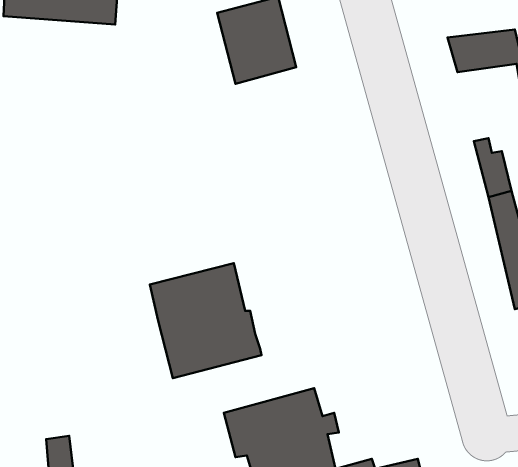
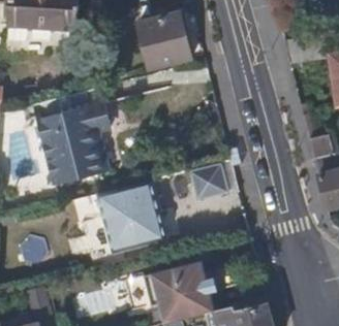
building: none -> [31,88,110,184]
building: none -> [192,168,229,202]

